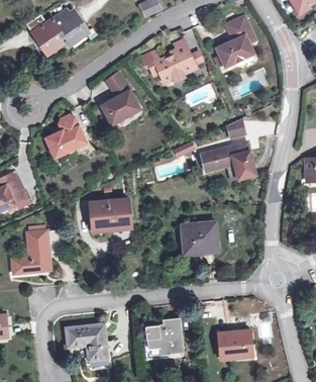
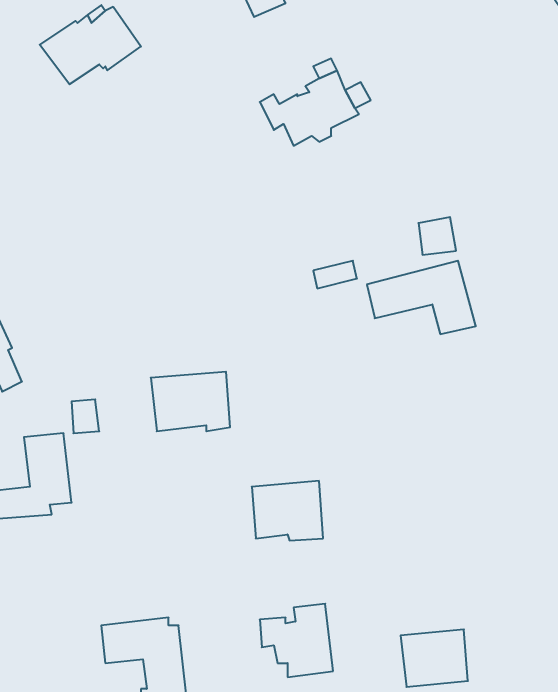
building: [216,17,255,67] -> none
building: [101,72,140,124] -> none
building: [44,114,86,158] -> none
building: [182,221,218,252] -> [252,481,323,540]

